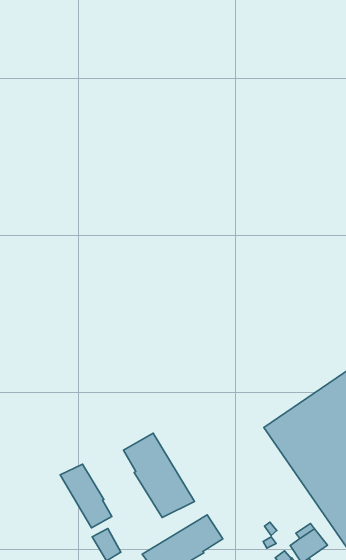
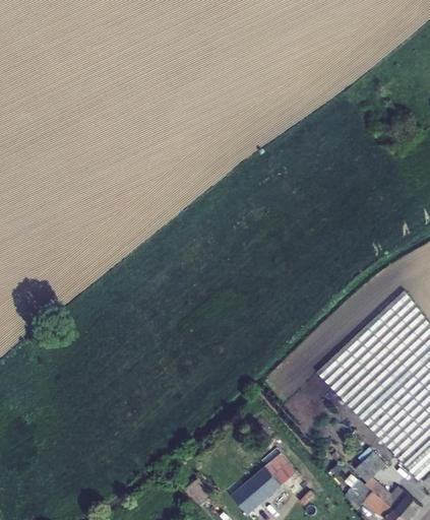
building: [124,433,195,518] -> none
building: [60,464,112,528] -> none

